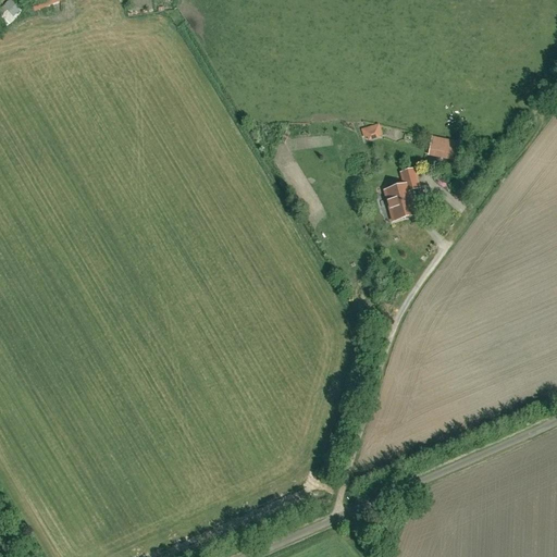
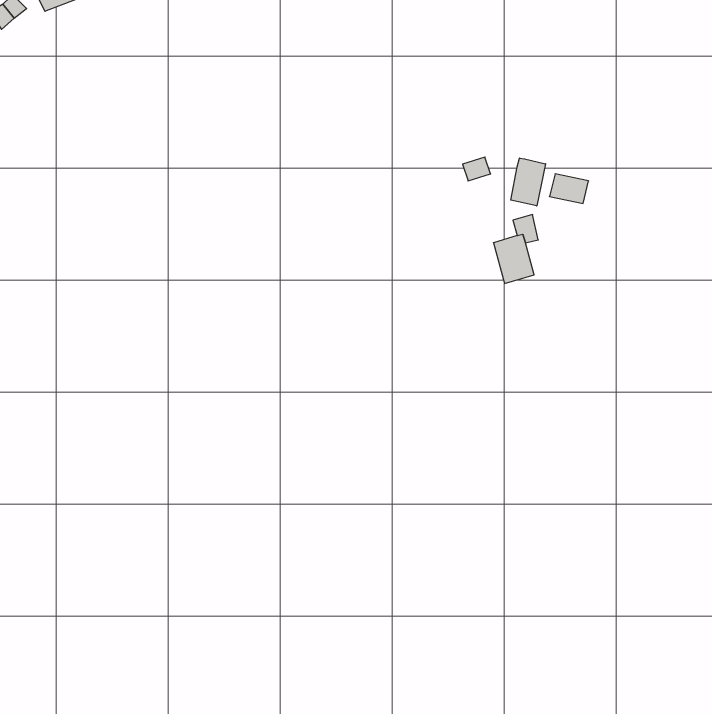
building: none -> [511,158,546,206]

